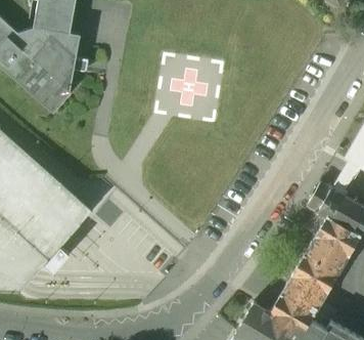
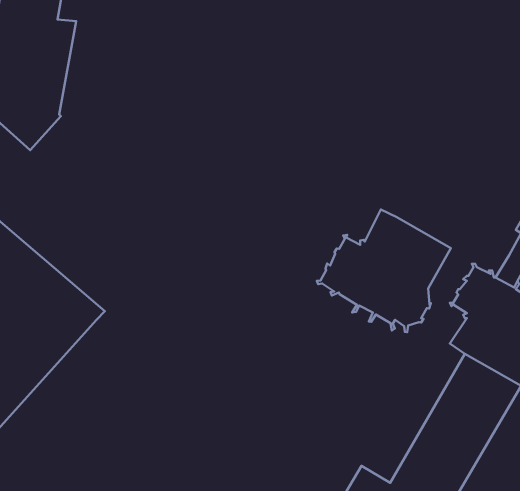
building: none -> [317,210,451,332]

